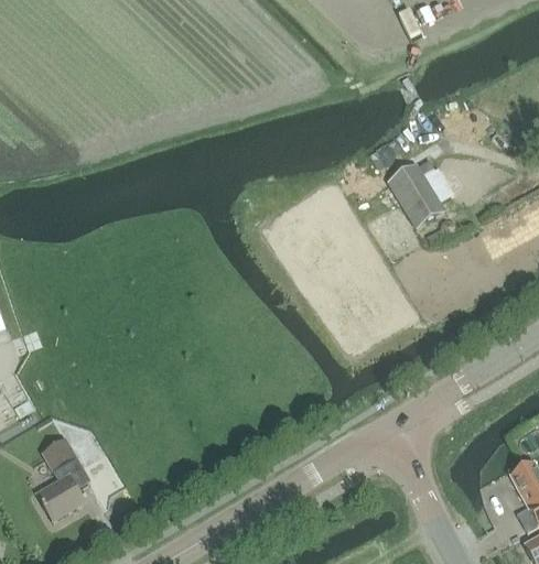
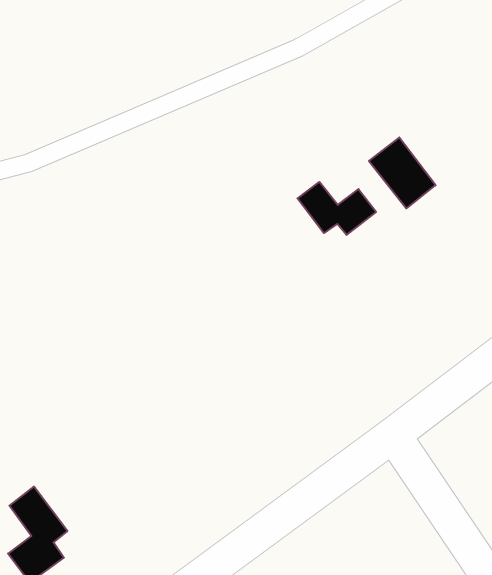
building: none -> [297,182,376,235]

